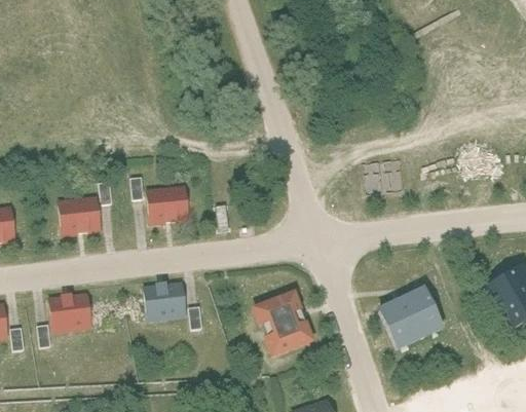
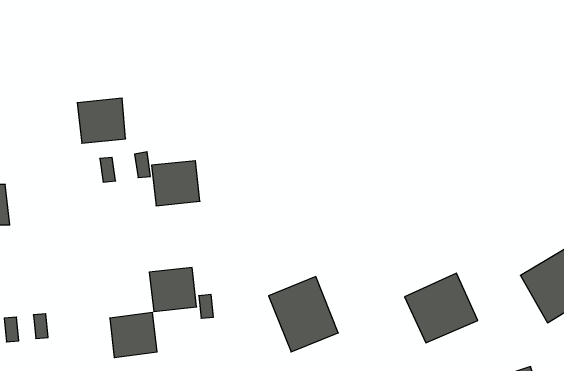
building: [57,195,101,236] -> [77,98,126,143]
building: [48,292,91,333] -> [110,313,157,358]

